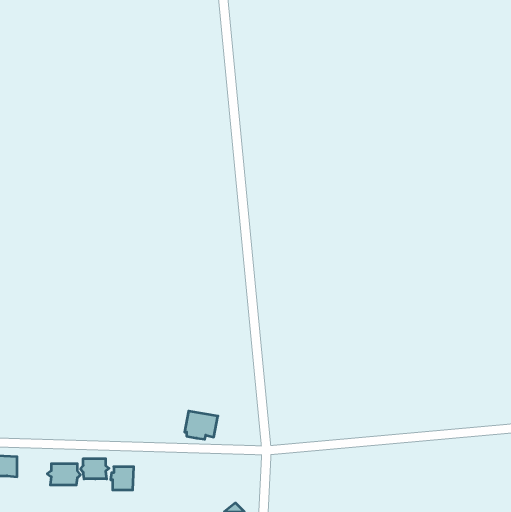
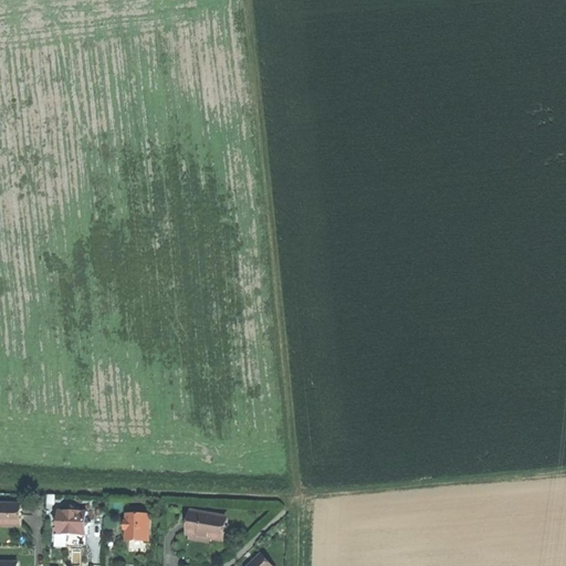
building: [185,411,218,439] -> [185,510,221,541]
building: [81,459,109,479] -> none

